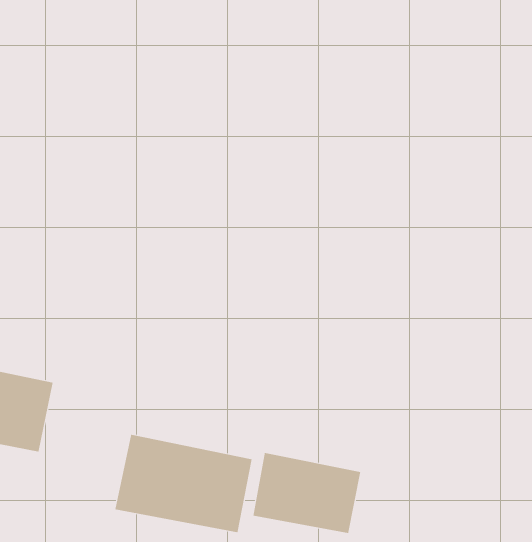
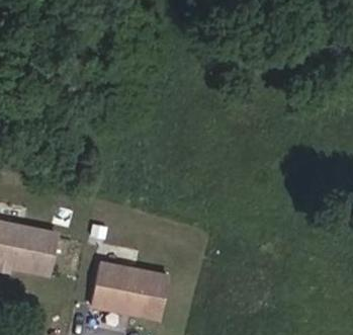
building: [253,452,361,534] -> none

